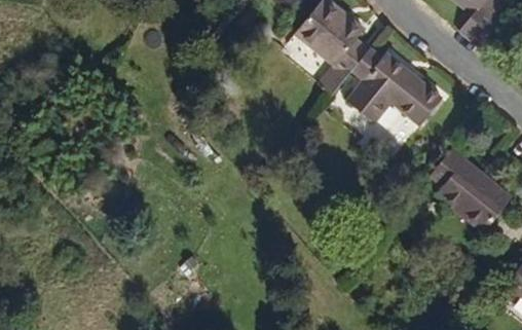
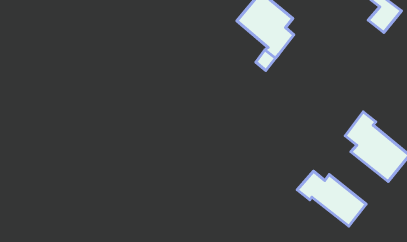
building: [346,48,441,126] -> none
building: none -> [297,171,366,226]

